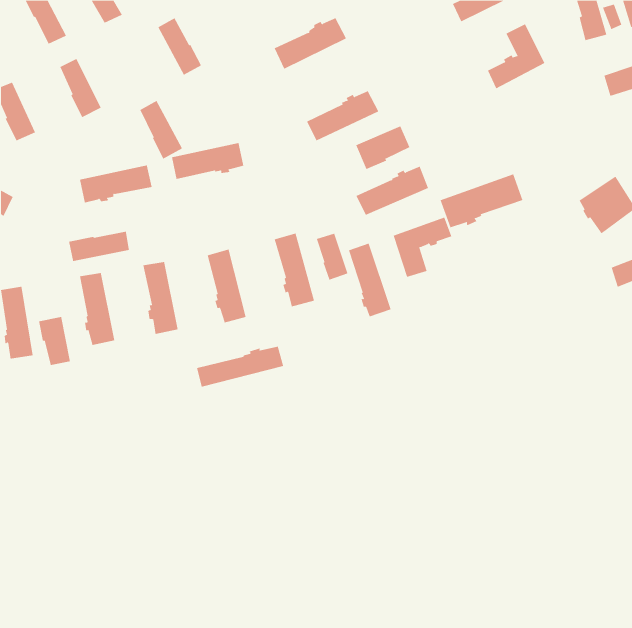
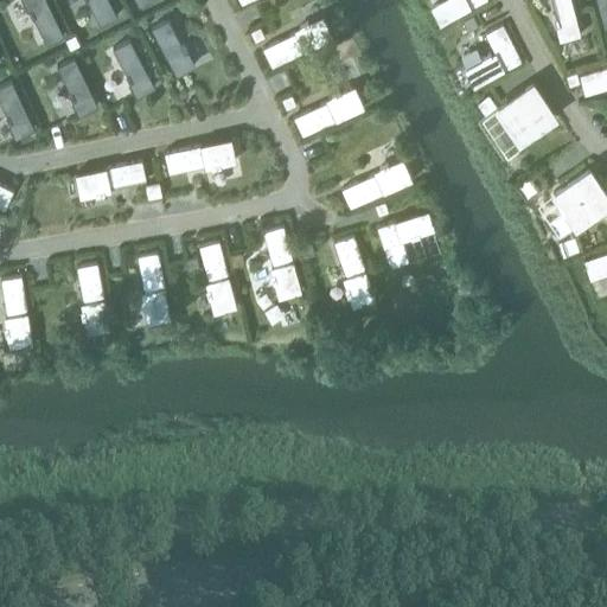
building: none -> [499,88,555,142]
building: [139,100,183,160] -> [114,41,155,98]
building: [355,126,410,170] -> none
building: [440,173,523,228] -> none
building: [69,231,130,262] -> none
building: [316,233,348,280] -> none
building: [39,316,71,366] -> none
building: [197,346,284,387] -> none

